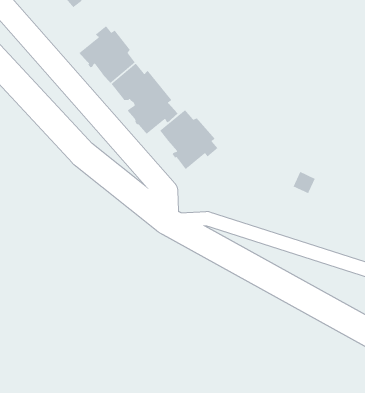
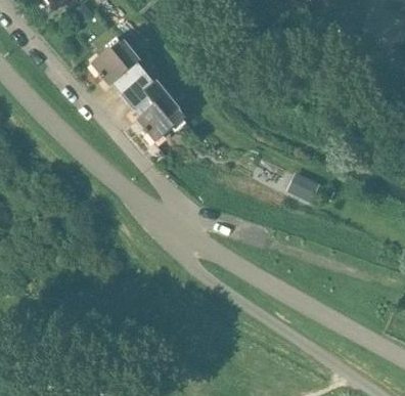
building: [159,109,218,170] -> none

